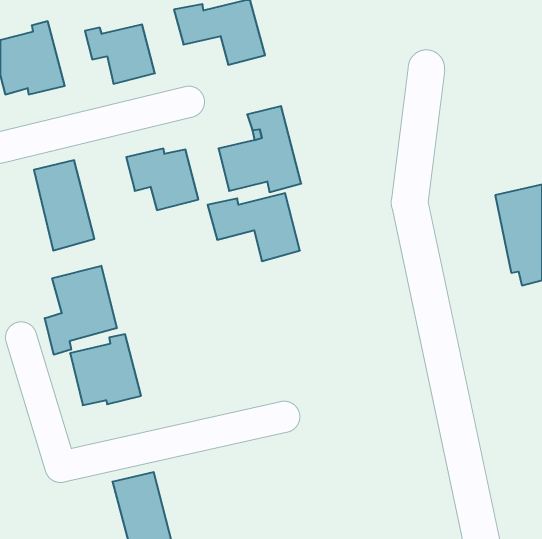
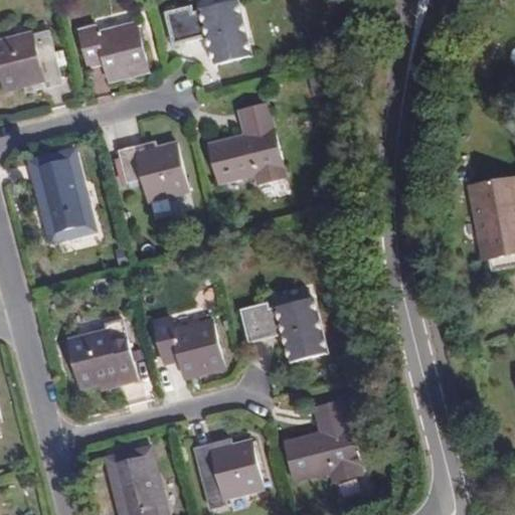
building: [208,193,300,261] -> [239,297,327,361]
building: [45,266,117,355] -> none
building: none -> [155,319,224,376]
building: none -> [285,399,364,481]
building: none -> [194,440,264,510]

